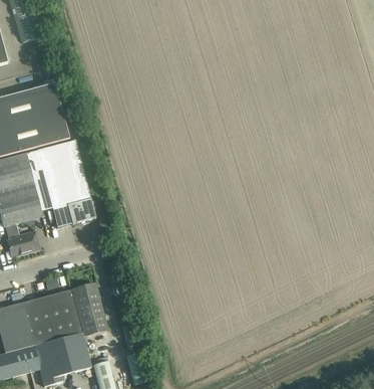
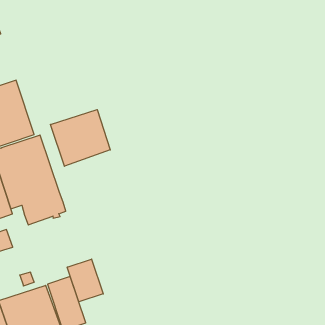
building: none -> [50,110,110,166]
building: none -> [67,259,103,302]

